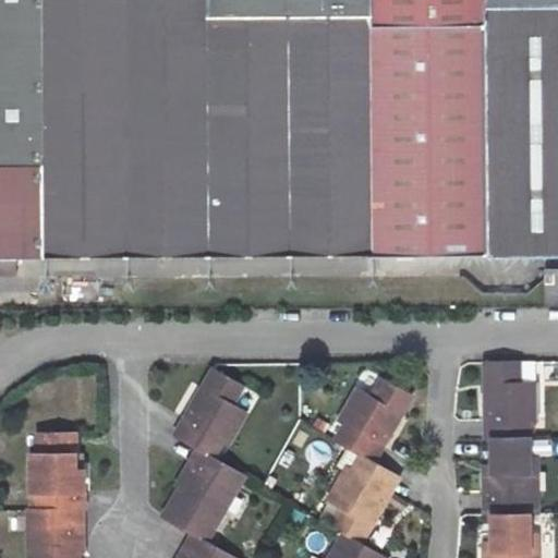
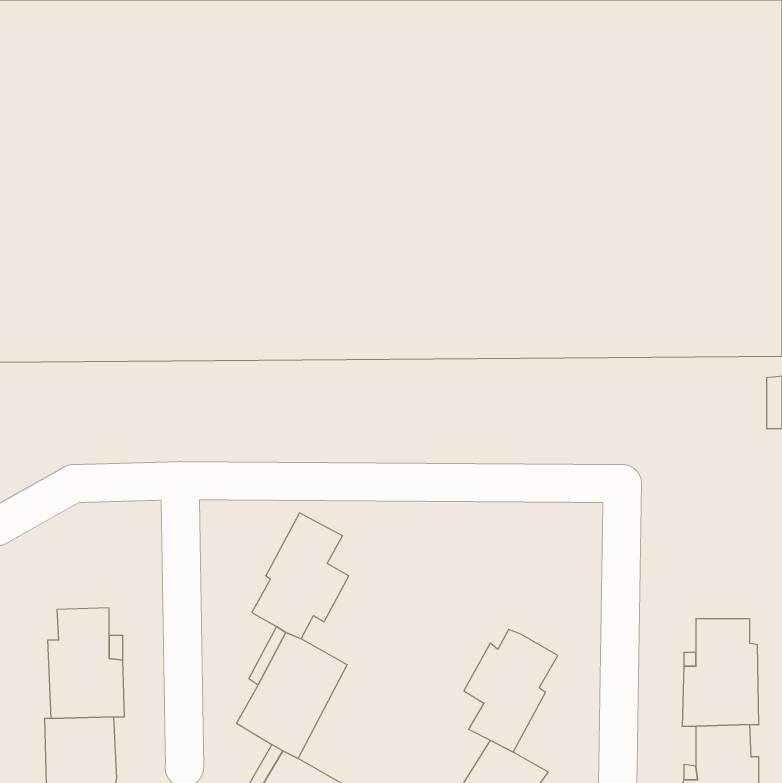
building: [483,363,537,440] -> none
building: [335,372,409,451] -> none

